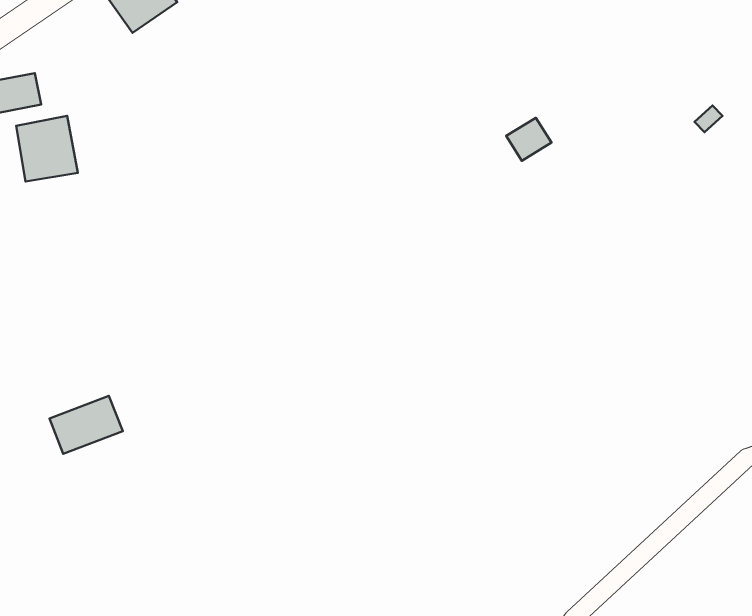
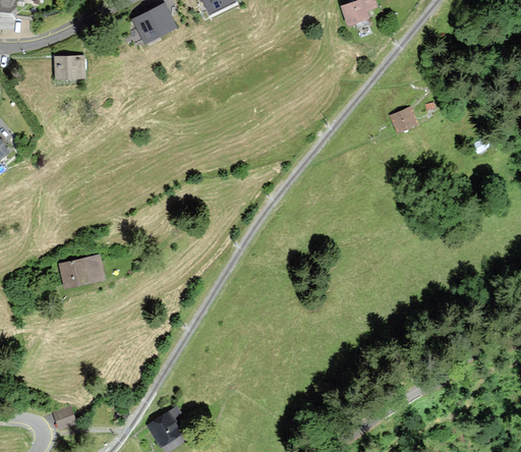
building: [16,116,78,182] -> none
building: [506,118,551,161] -> [390,107,416,131]

